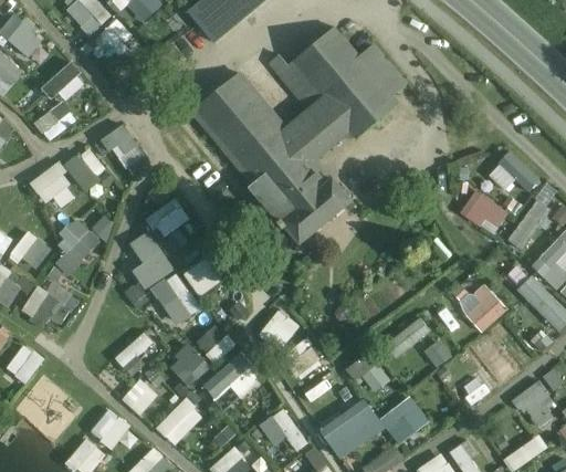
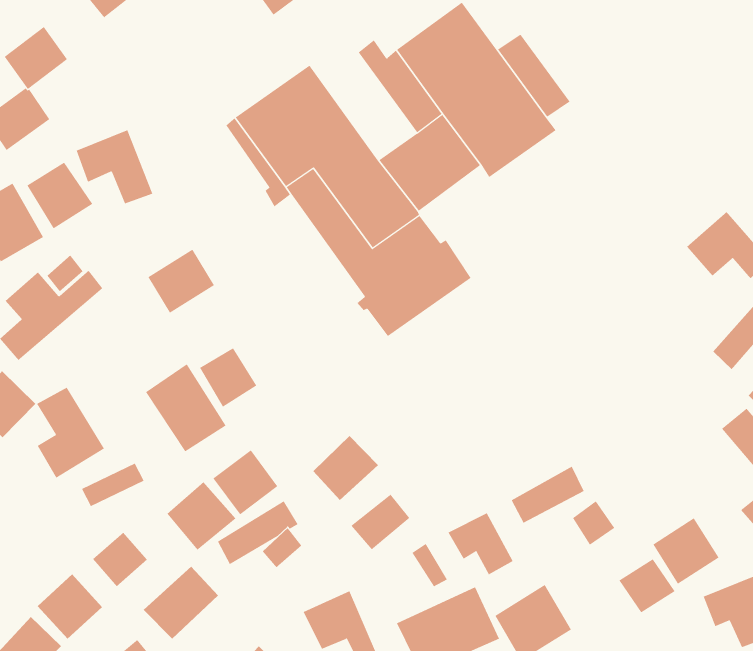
building: [459,189,509,234] -> none
building: [128,231,174,290] -> [36,387,105,478]
building: [458,282,507,332] -> none

